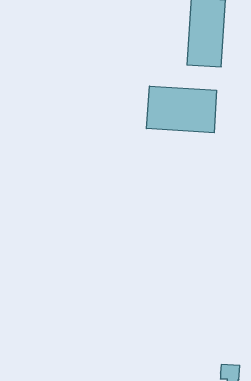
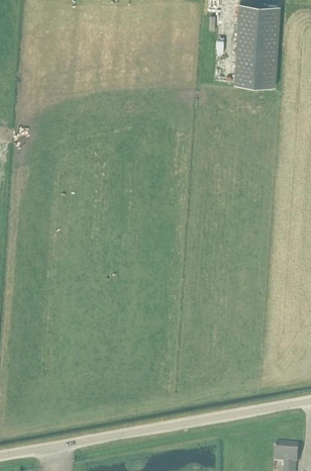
building: [146,86,216,133] -> none

